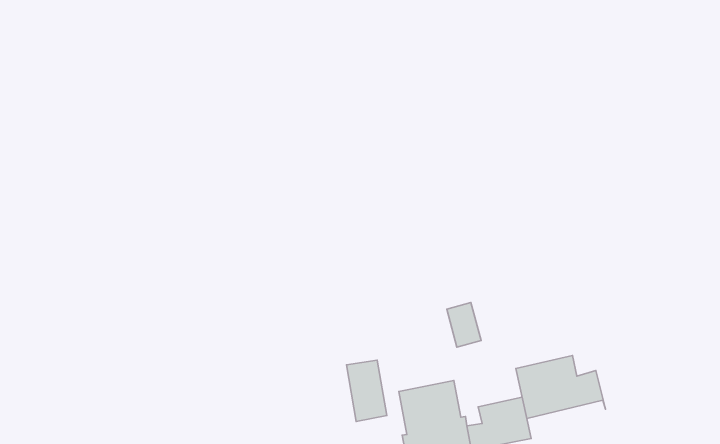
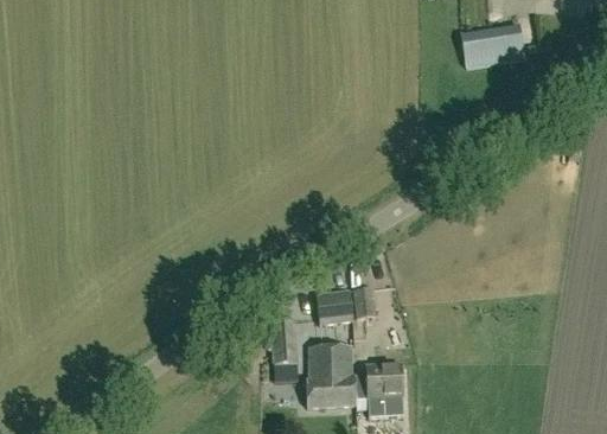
building: none -> [315,292,353,325]
building: [516,356,606,419] -> none

